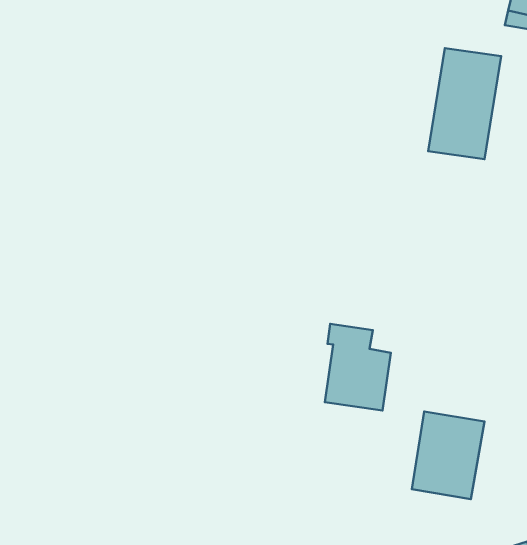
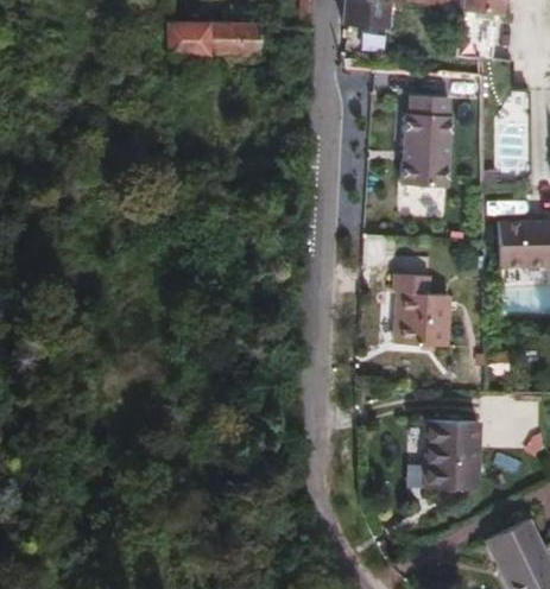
building: [325,324,391,411] -> [393,273,449,343]

